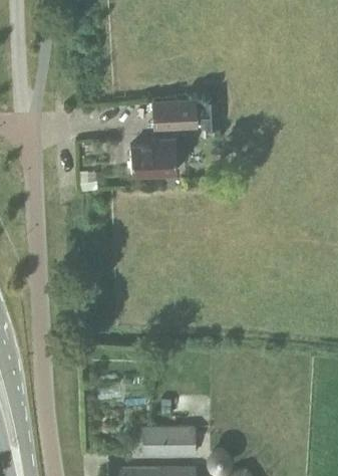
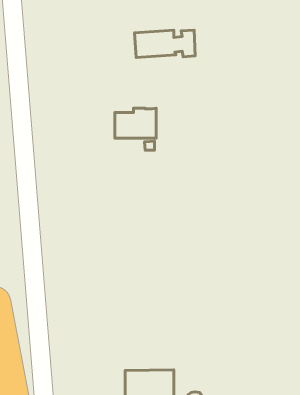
building: [154,99,221,130] -> [134,30,195,58]

